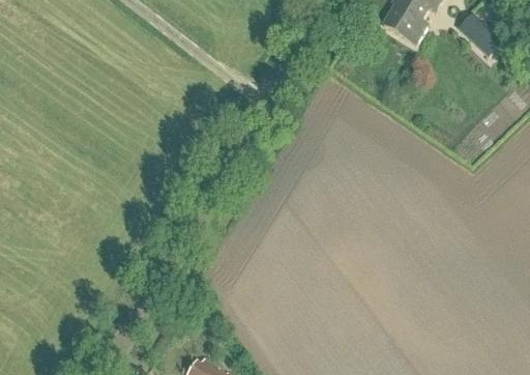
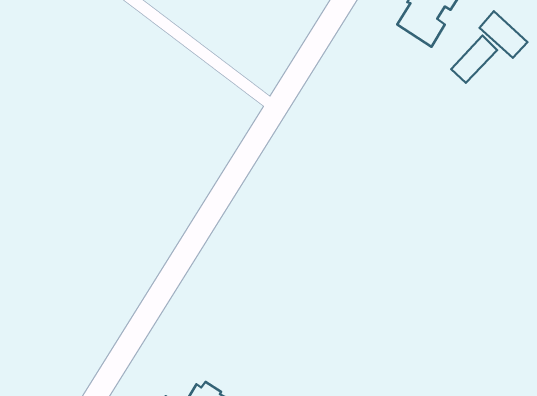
building: none -> [451,35,497,83]

